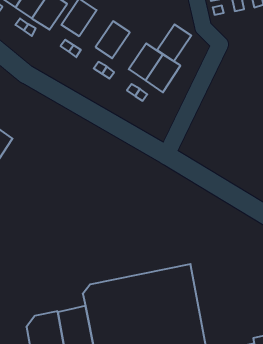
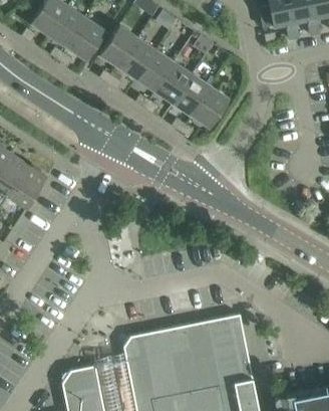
building: none -> [119,38,156,78]
building: [157,24,191,61] -> [155,62,193,102]

